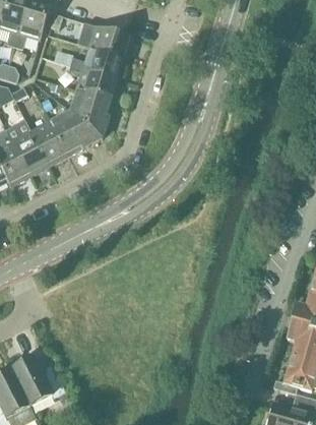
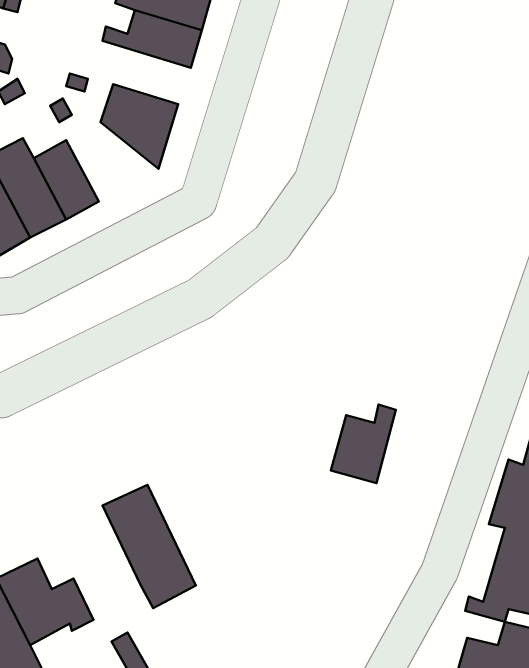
building: [66,65,119,101] -> none
building: [49,111,101,156] -> none
building: none -> [331,405,396,483]
building: none -> [102,485,196,608]

